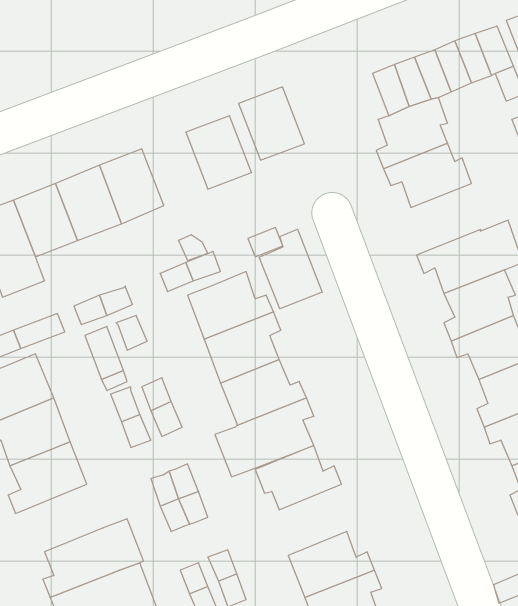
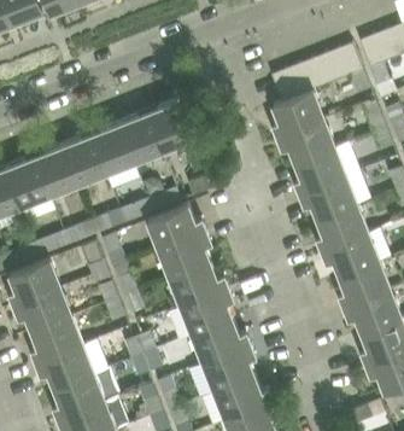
building: [239,87,304,160] -> [118,115,162,163]
building: none -> [294,148,341,196]
building: [259,229,322,309] -> none
building: none -> [35,346,93,391]
building: none -> [204,346,253,394]

